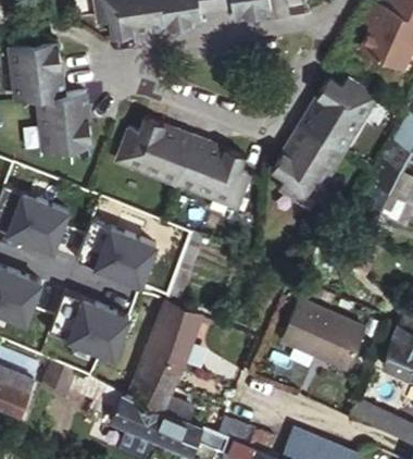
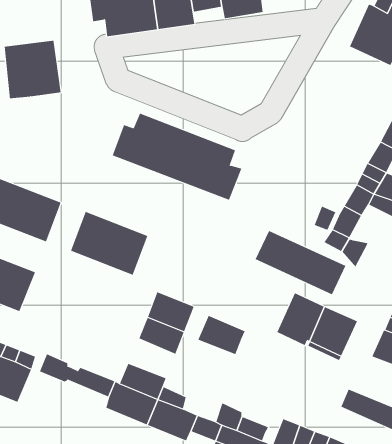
building: [271,77,376,209] -> none
building: [35,95,92,153] -> none
building: none -> [255,230,346,295]
building: [48,288,127,353] -> none
building: [134,347,183,387] -> [197,315,245,355]

